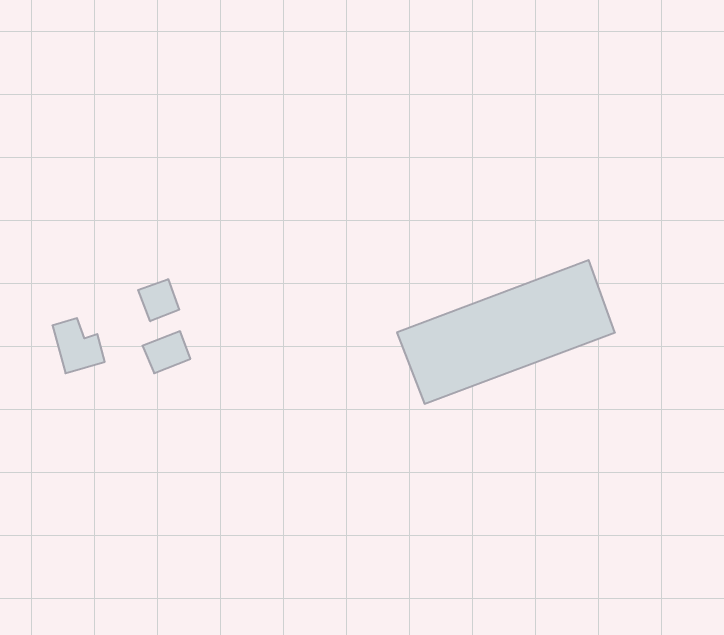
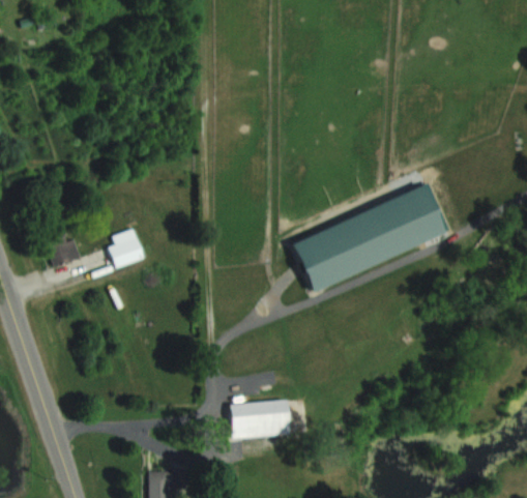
building: [138,279,179,321] -> none
building: none -> [232,401,291,439]

